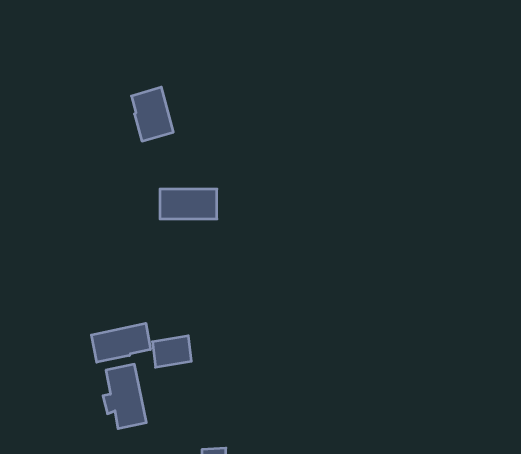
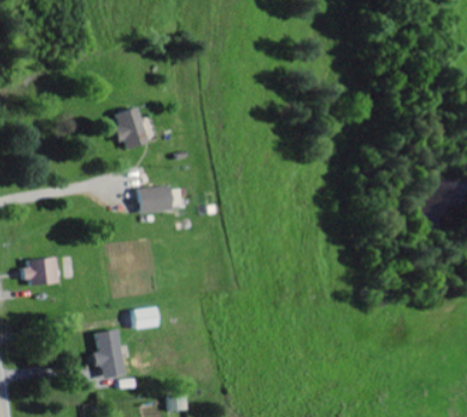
building: none -> [21,257,58,284]
building: [91,323,150,362] -> none

